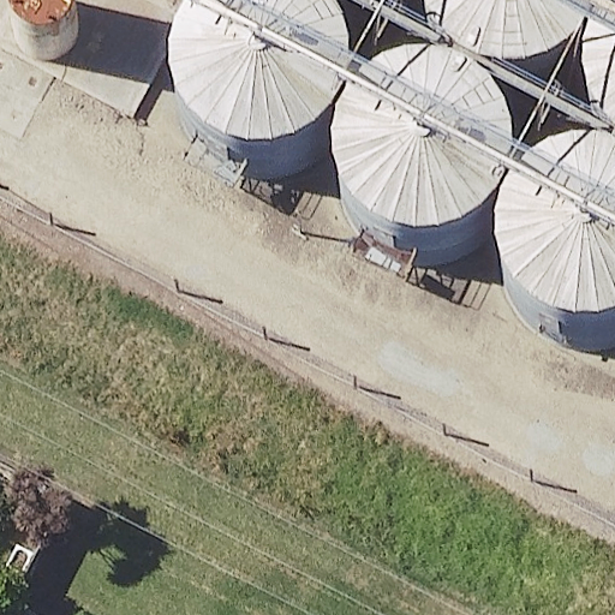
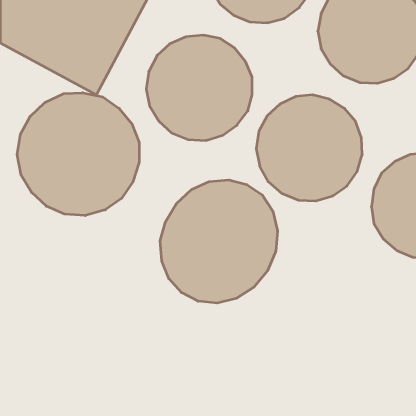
building: none -> [17,93,139,216]
building: none -> [160,180,277,303]

